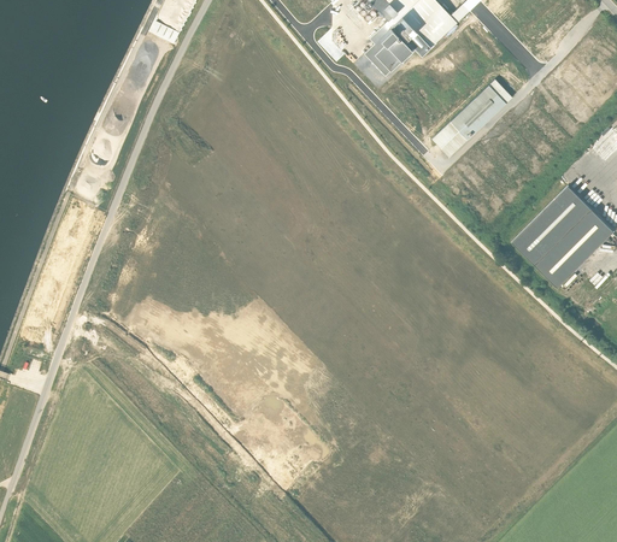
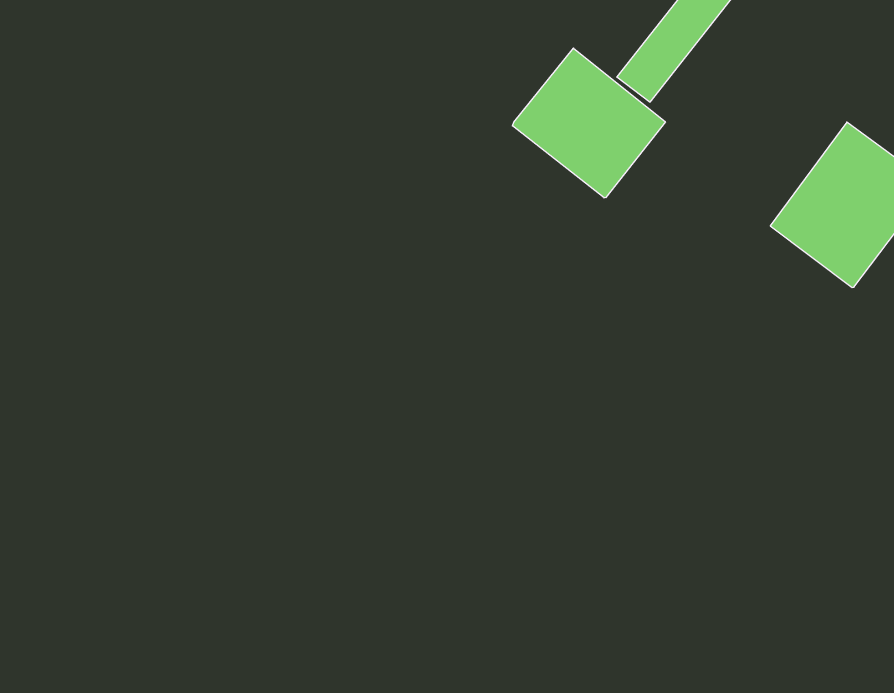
building: none -> [512,48,665,198]

